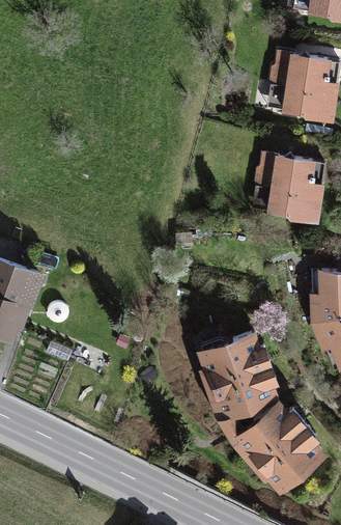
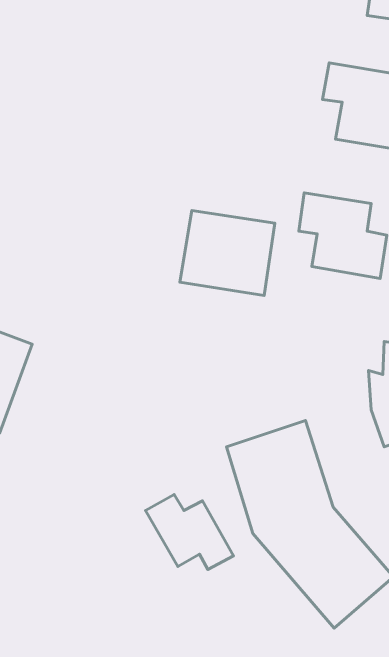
building: none -> [180,210,275,295]
building: none -> [145,495,233,569]

